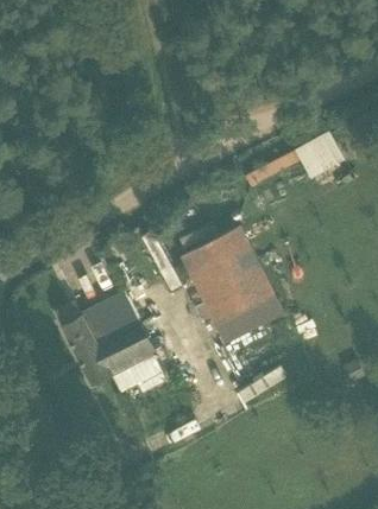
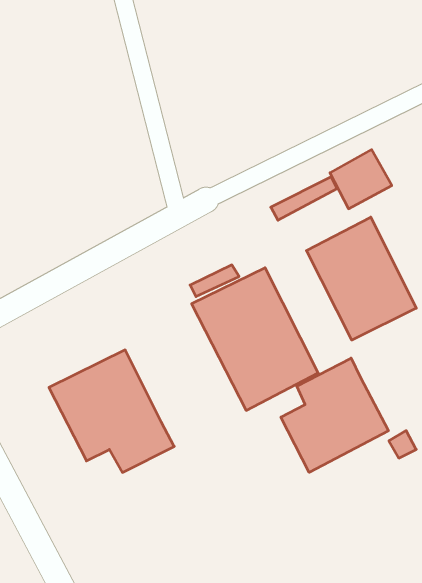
building: none -> [306,217,416,340]
building: none -> [281,358,388,472]

